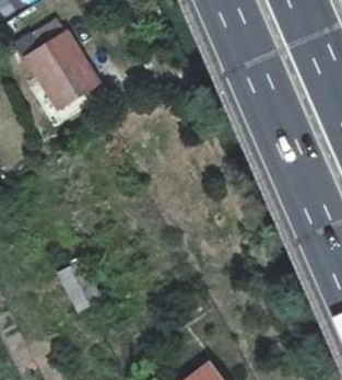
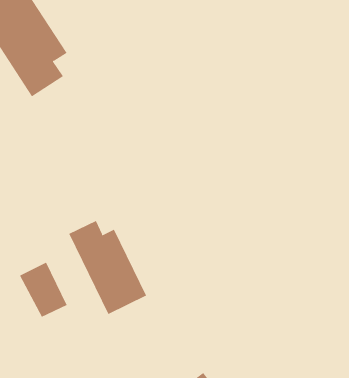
building: none -> [69,220,147,315]

